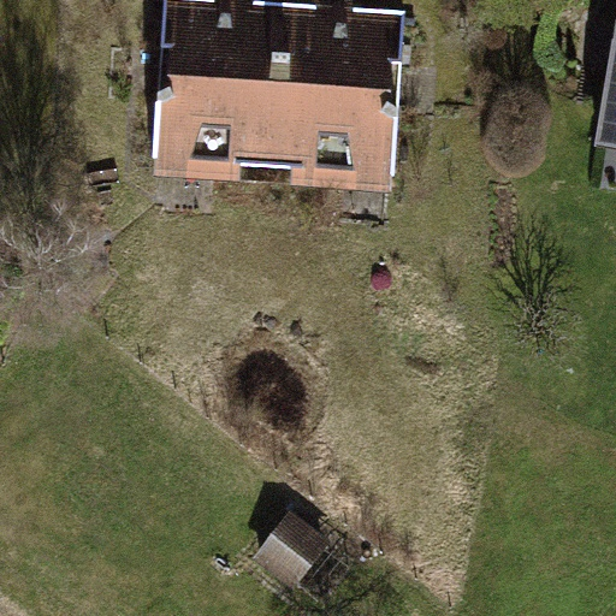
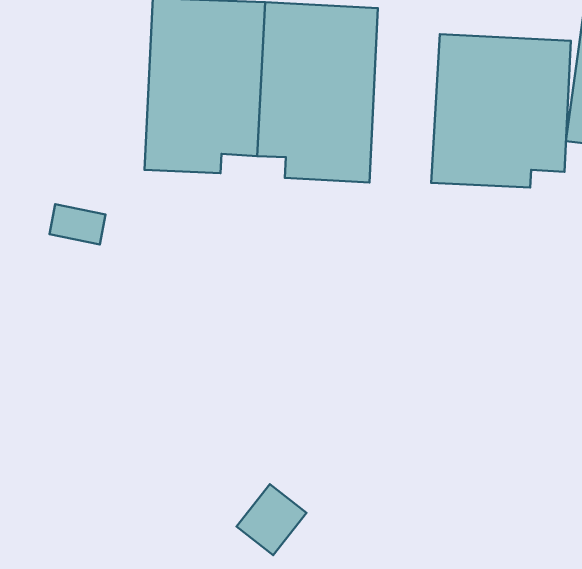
building: none -> [431,34,571,188]

